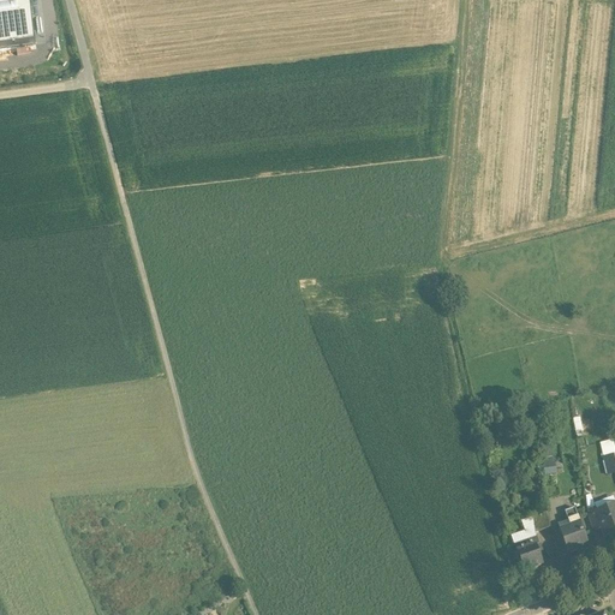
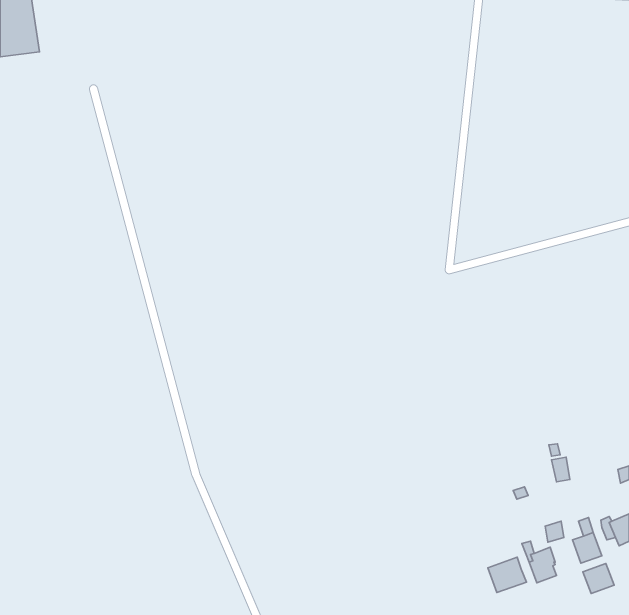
building: none -> [488,557,526,593]
building: none -> [583,563,614,594]

